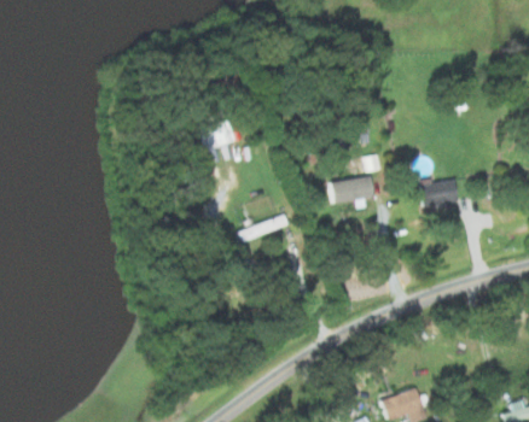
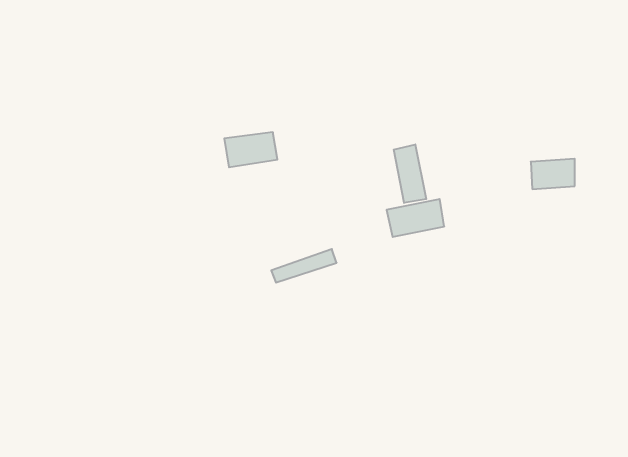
building: none -> [394,144,426,203]
building: [422,182,457,206] -> [531,159,575,189]

